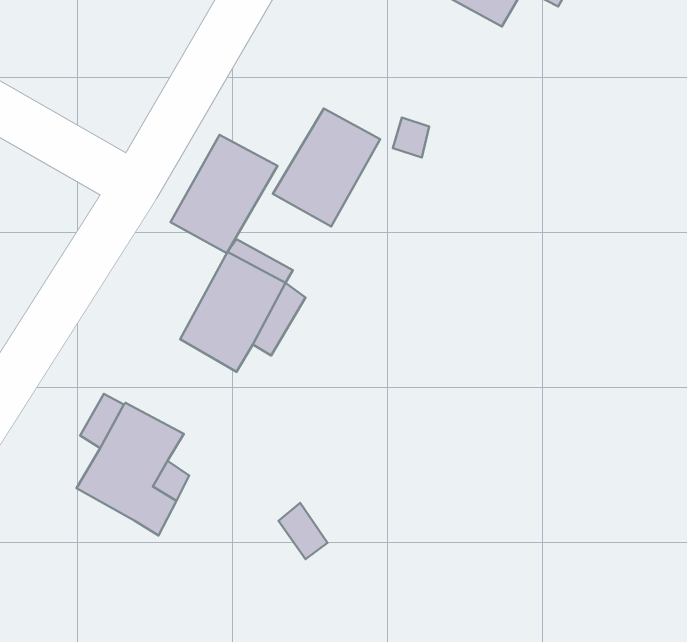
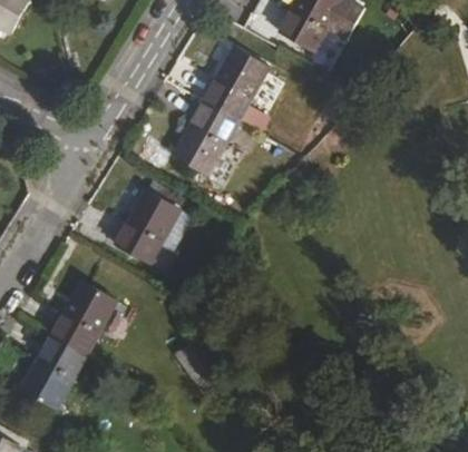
building: [170,135,278,253] -> [202,48,267,120]
building: none -> [20,334,86,407]

